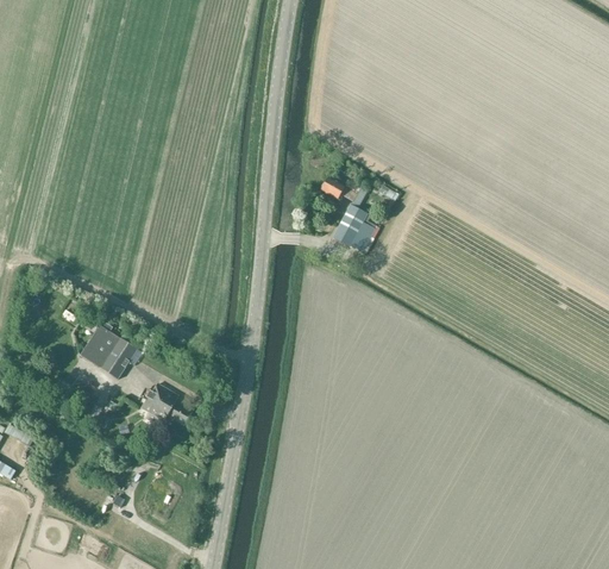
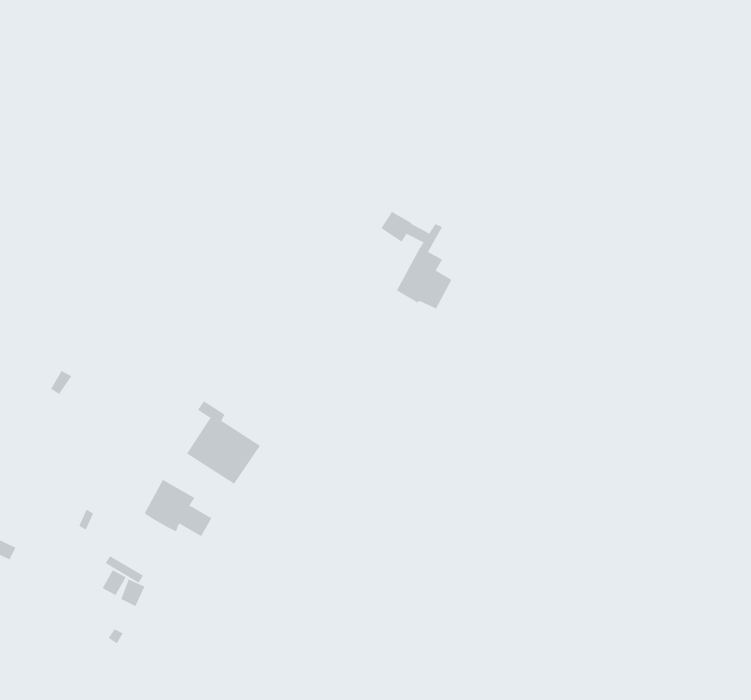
building: [81,314,138,379] -> [186,401,261,485]

